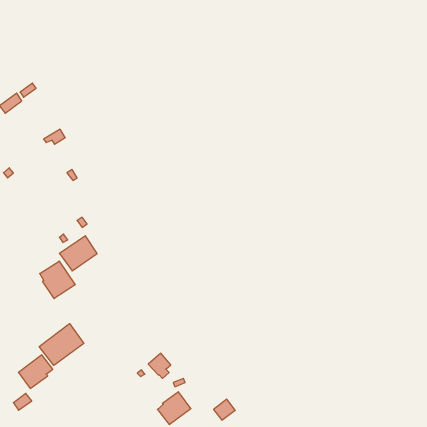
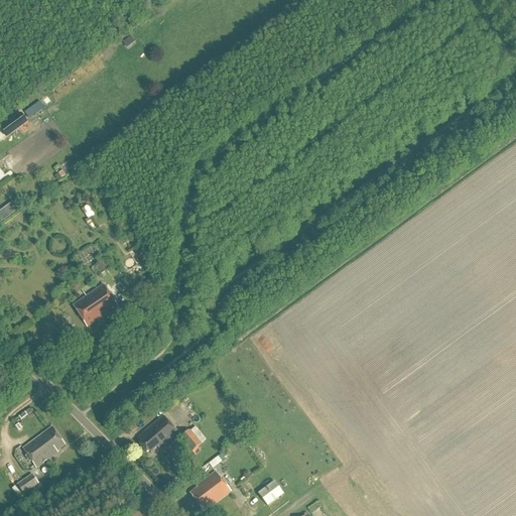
building: [40,261,75,299] -> none
building: [39,324,84,365] -> none
building: none -> [137,414,178,452]

